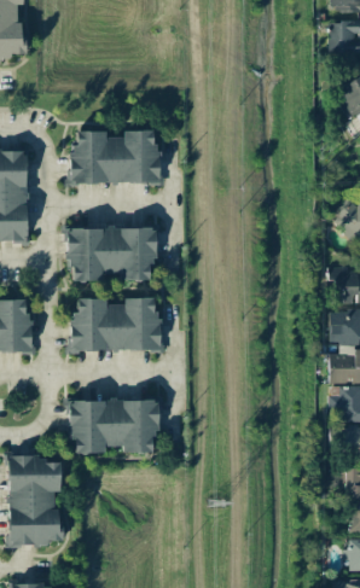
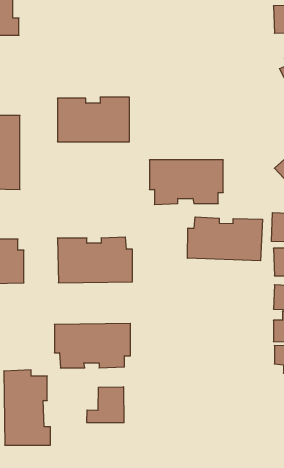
building: [66,228,155,281] -> [149,160,223,205]
building: none -> [187,217,262,261]
building: none -> [87,387,124,423]

